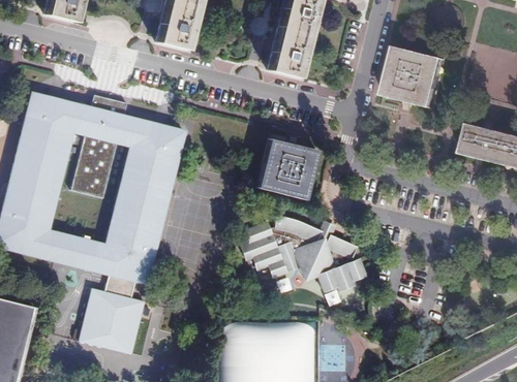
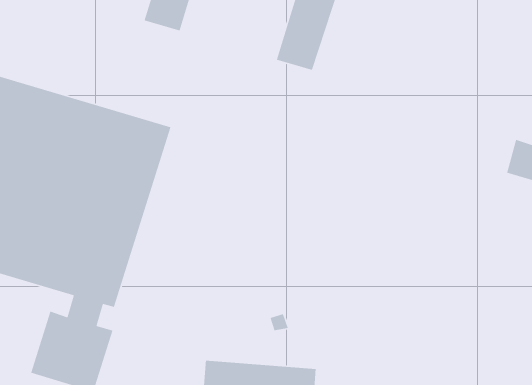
building: [383,46,444,108] -> none
building: [257,134,316,194] -> none
building: [237,216,365,293] -> none

